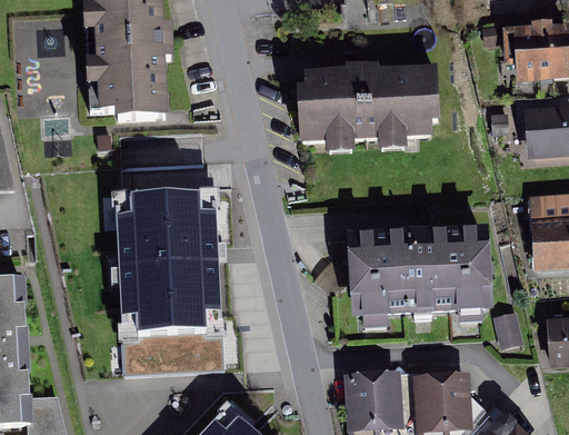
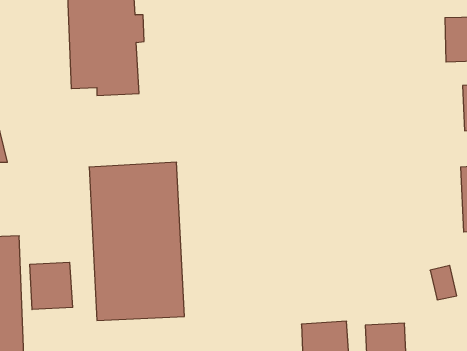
building: [305,66,438,136] -> none
building: [349,227,489,316] -> none
building: none -> [30,262,73,310]

